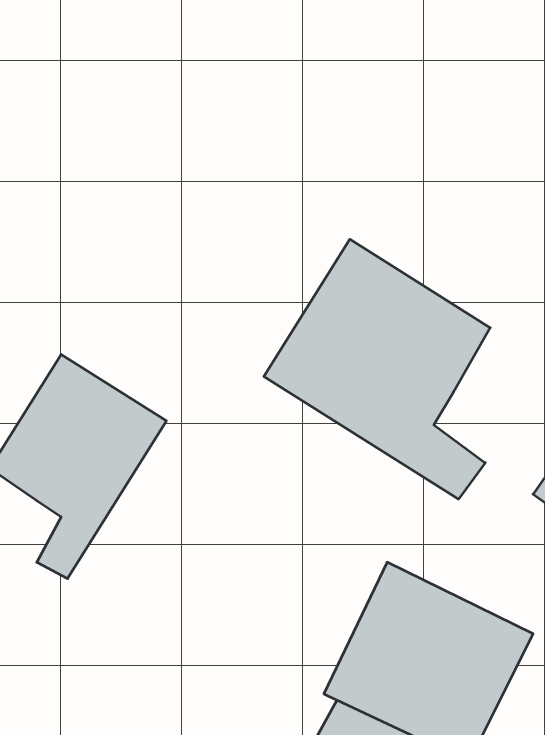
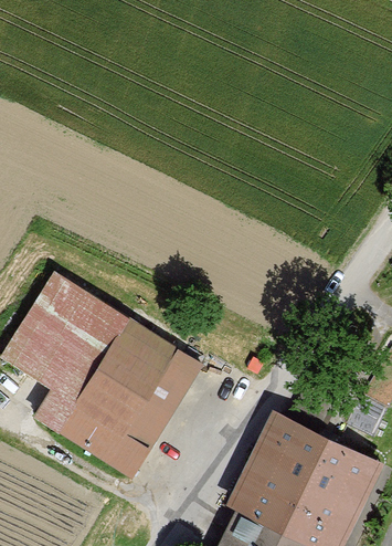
building: [264,239,490,499] -> none
building: none -> [60,321,198,472]

